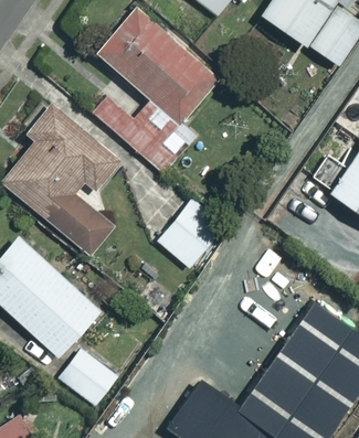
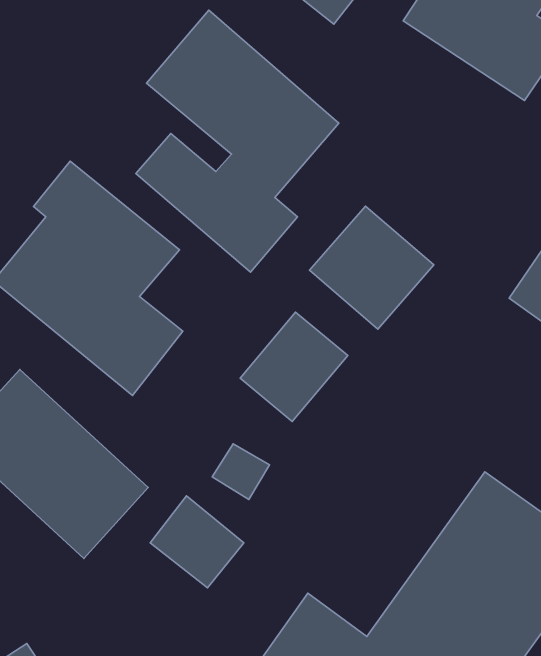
building: none -> [310,206,434,329]
building: [60,349,119,407] -> [150,496,244,588]

